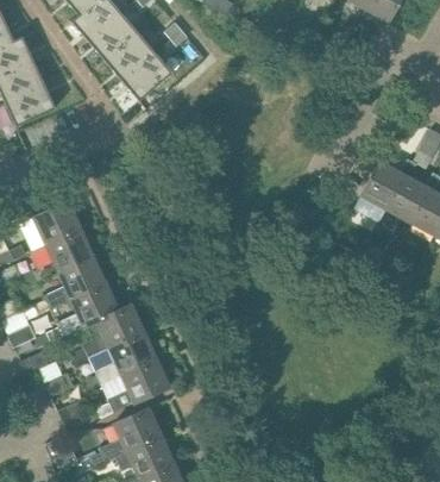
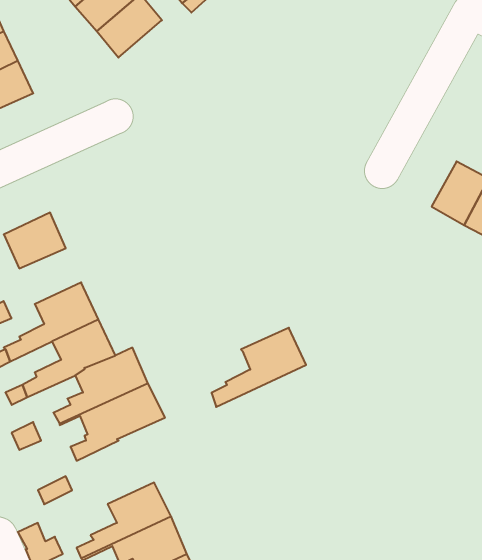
building: [121,52,172,101] -> none
building: [45,227,93,270] -> none
building: [98,357,170,418] -> [211,328,306,407]

